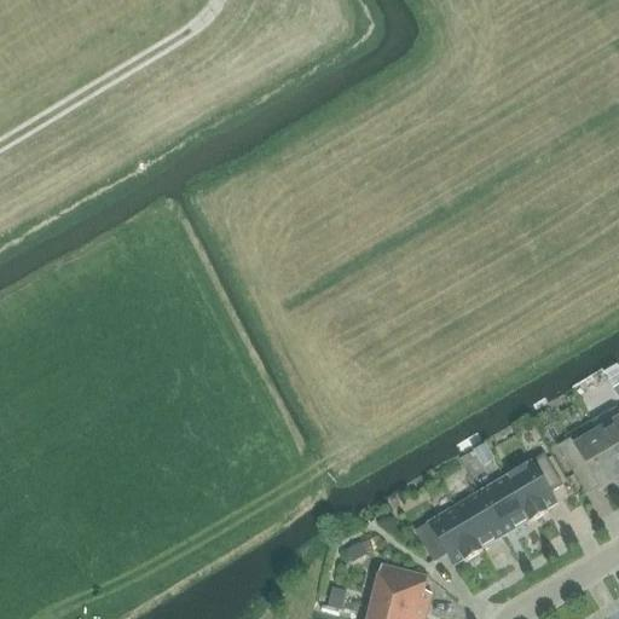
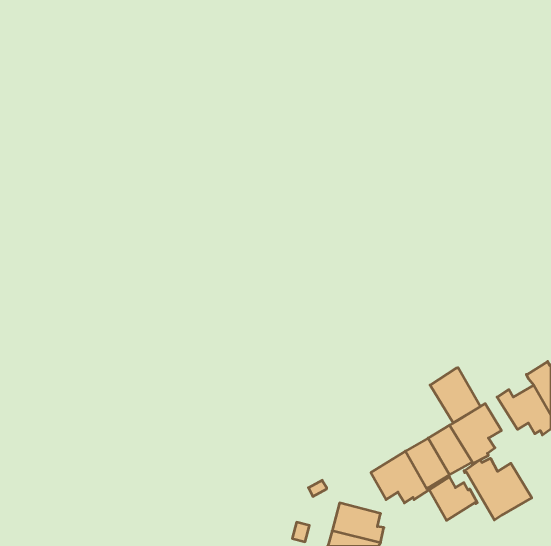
building: none -> [430,368,481,423]
building: none -> [464,458,532,520]
building: none -> [429,477,477,520]

